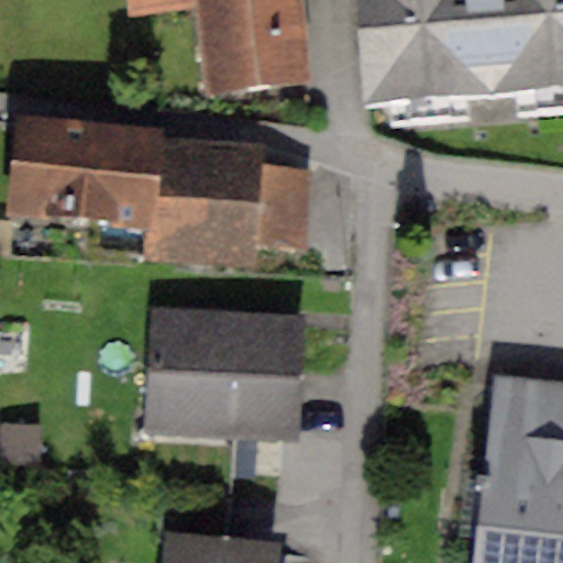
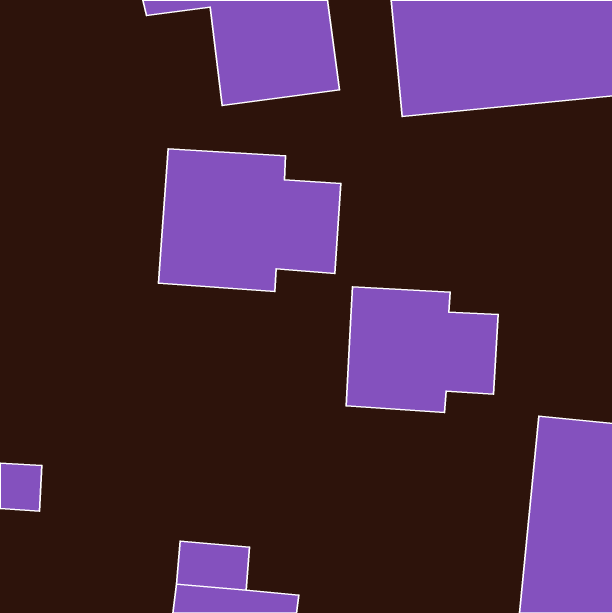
building: [8,121,156,229] -> none
building: none -> [346,287,498,412]
building: [145,310,301,440] -> none

